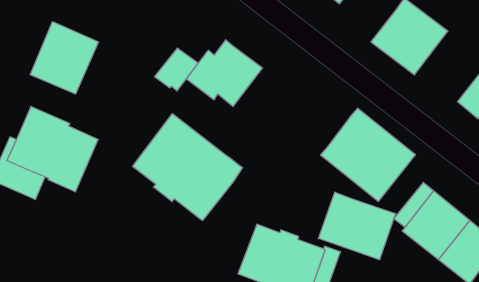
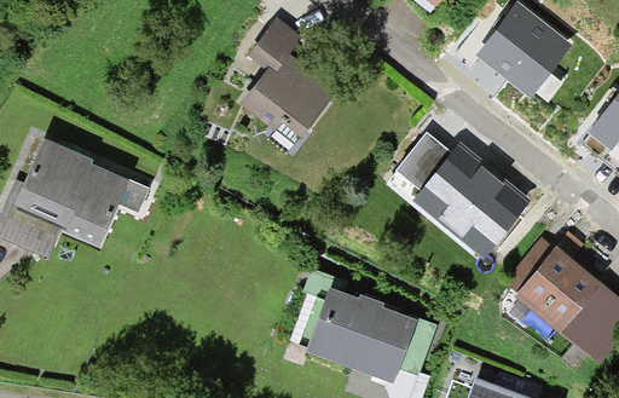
building: [30,22,98,94] -> none
building: [155,48,198,91] -> [247,18,302,73]
building: none -> [395,131,450,190]
building: [133,114,243,220] -> none
building: [318,192,396,260] -> none

